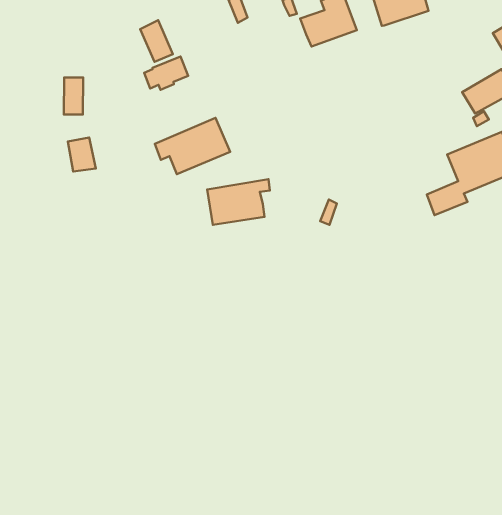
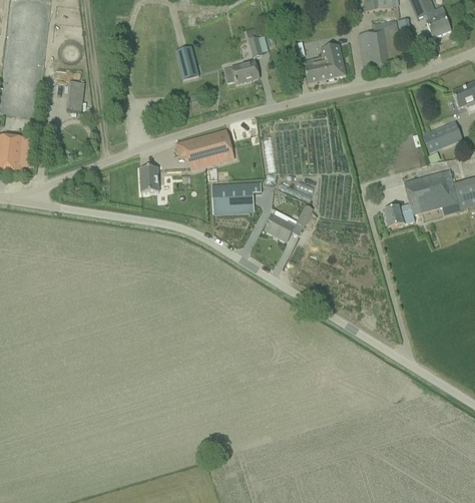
building: [144,56,188,90] -> [224,60,259,84]
building: [64,77,83,115] -> [67,80,86,111]
building: [68,137,96,172] -> [140,166,159,191]
building: none -> [266,213,297,240]

